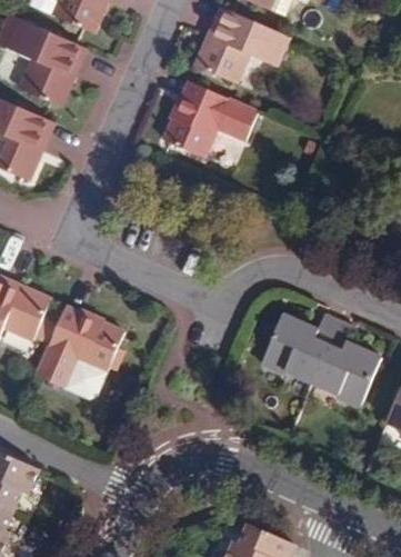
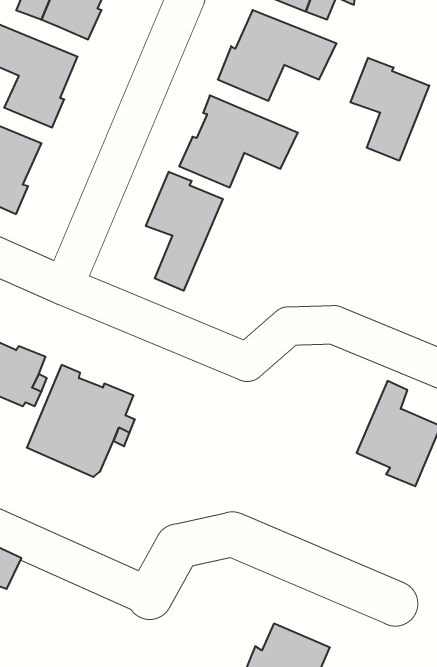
building: none -> [350,58,429,161]
building: none -> [146,172,223,291]
building: [262,312,337,378] -> none

